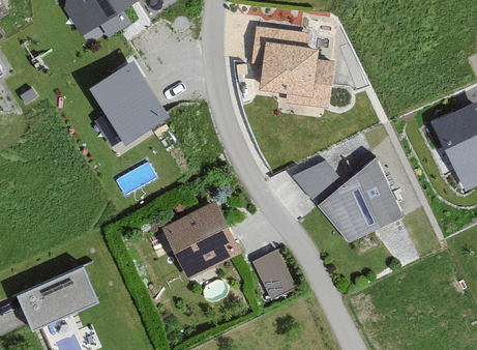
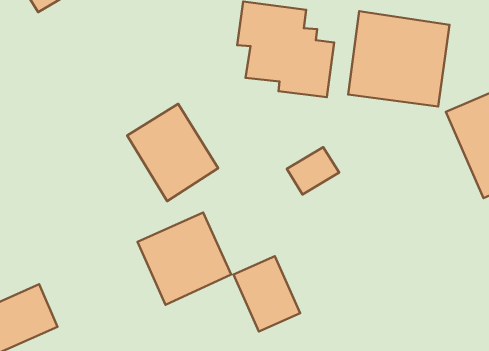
building: none -> [348,11,450,106]
building: [90,62,168,145] -> [127,104,218,201]
building: [317,156,404,242] -> none

